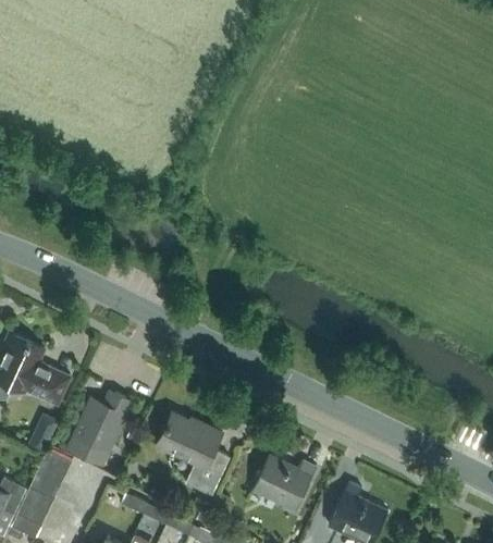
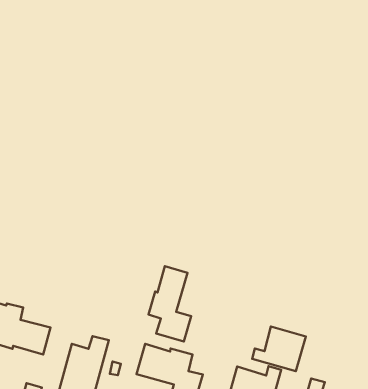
building: none -> [149,266,191,341]
building: none -> [252,326,306,371]

